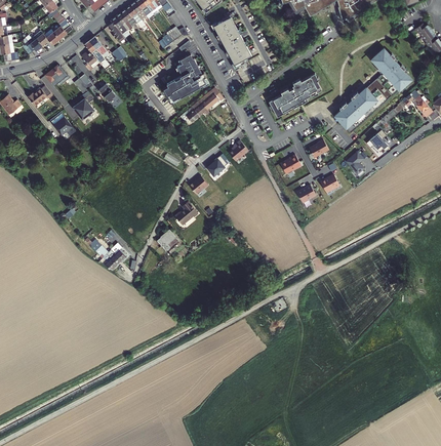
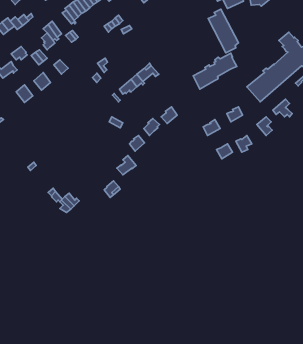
building: [214,13,251,67] -> [208,9,238,53]
building: [164,53,207,99] -> none

